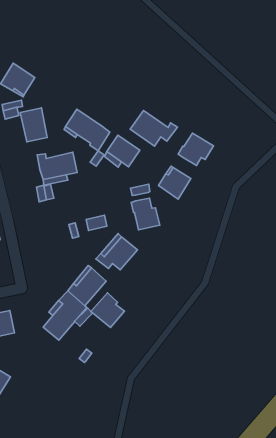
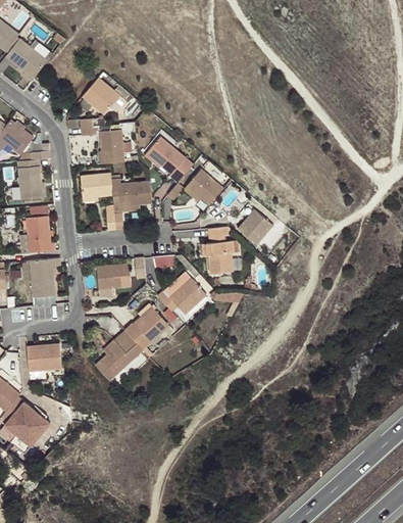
building: [130,110,178,146] -> none
building: [178,133,214,165] -> none
building: none -> [80,173,112,197]
building: none -> [96,265,131,289]
building: [91,293,125,328] -> none

